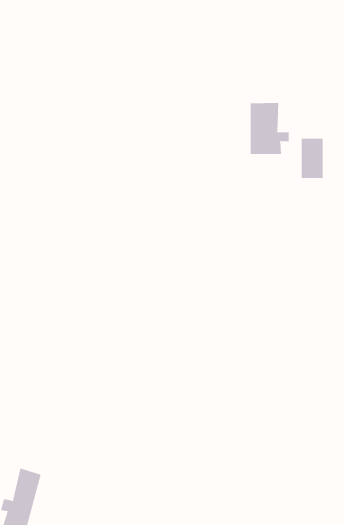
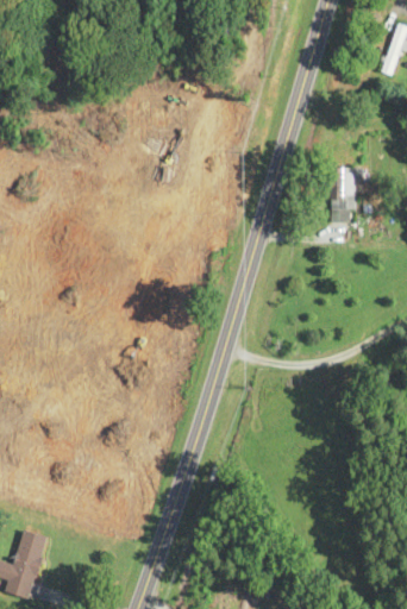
building: [250,102,289,155] -> none

